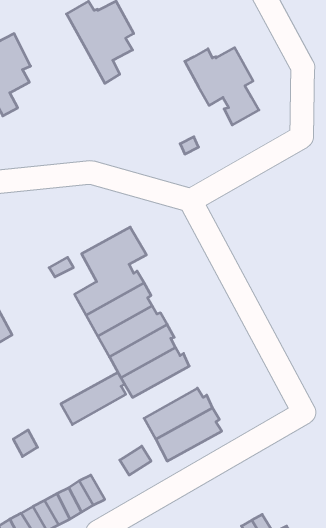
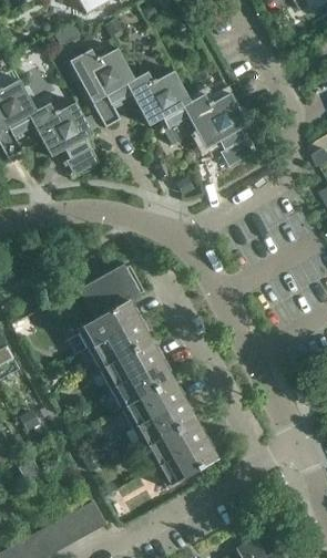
building: none -> [124,70,194,144]
building: none -> [25,101,98,174]
building: [61,372,126,425] -> [131,396,193,446]

